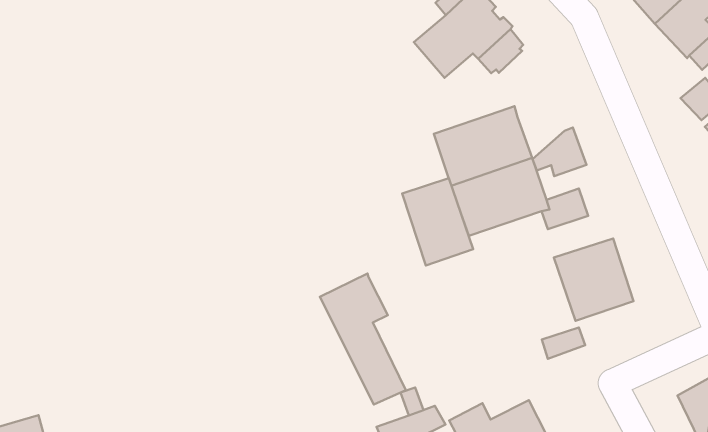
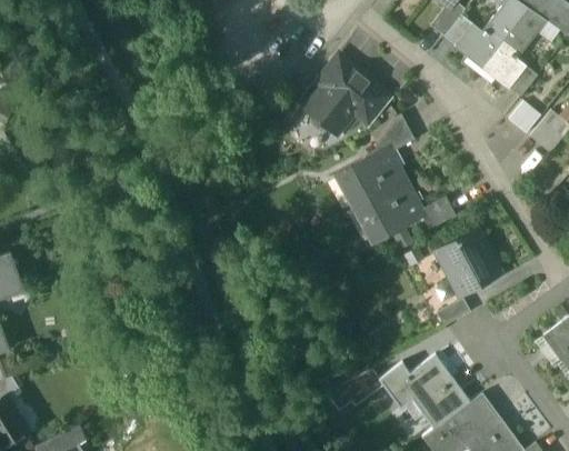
building: [532,127,586,176] -> [373,113,413,151]
building: [402,178,473,265] -> none
building: [320,274,406,404] -> none

